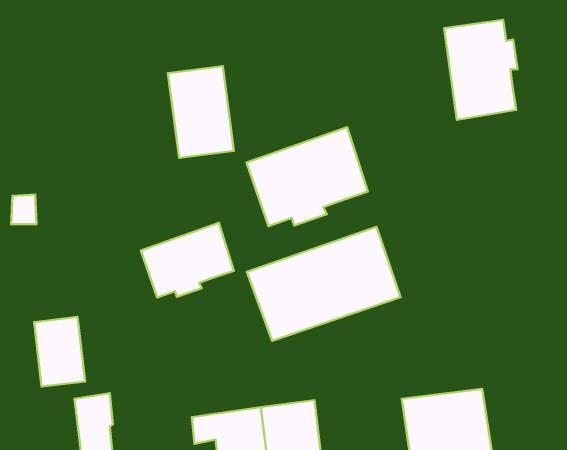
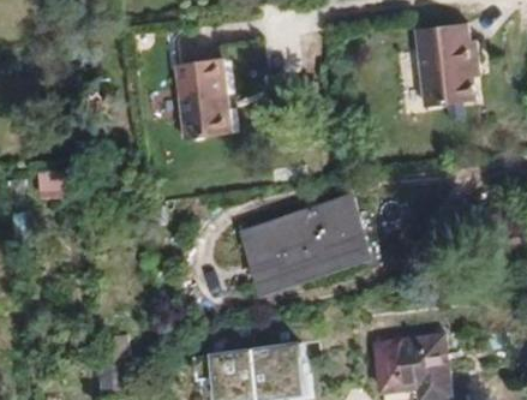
building: [247,127,368,226] -> none
building: [141,223,234,298] -> none
building: [34,317,85,387] -> none

